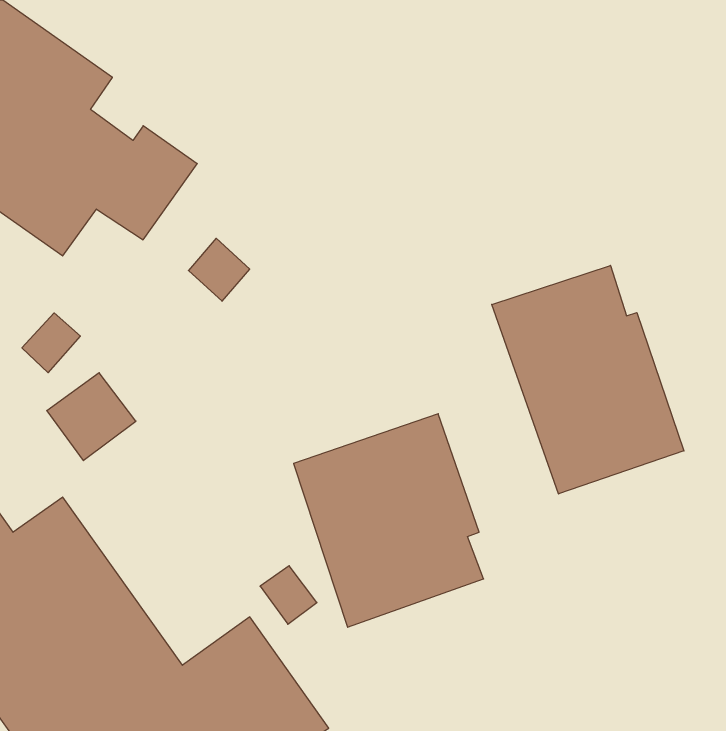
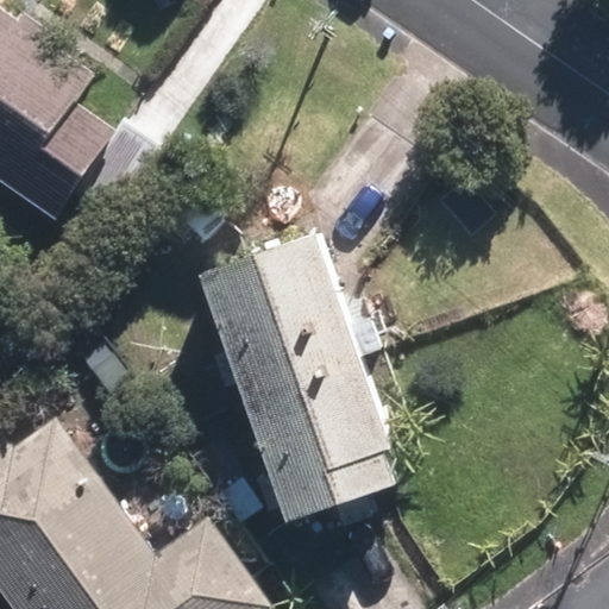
building: [492,265,684,494] -> none
building: none -> [200,236,357,390]

